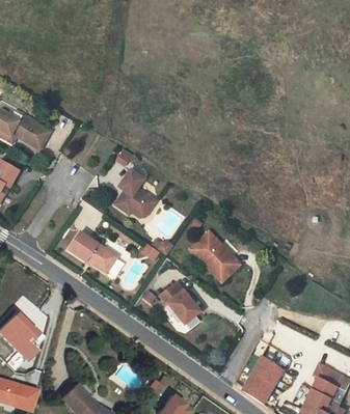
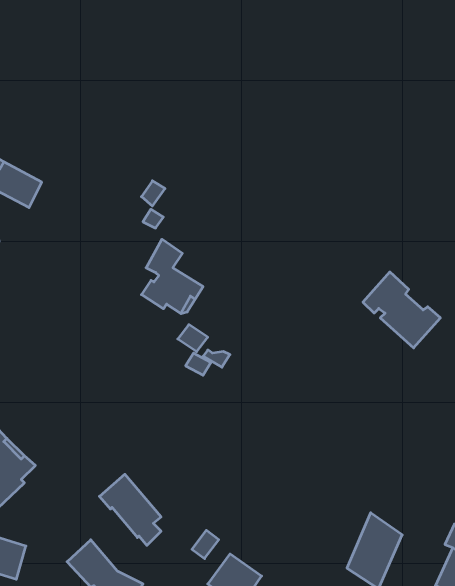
building: [189,232,240,282] -> [363,272,440,348]
building: [70,240,118,280] -> none
building: [162,285,203,332] -> [99,474,161,545]

